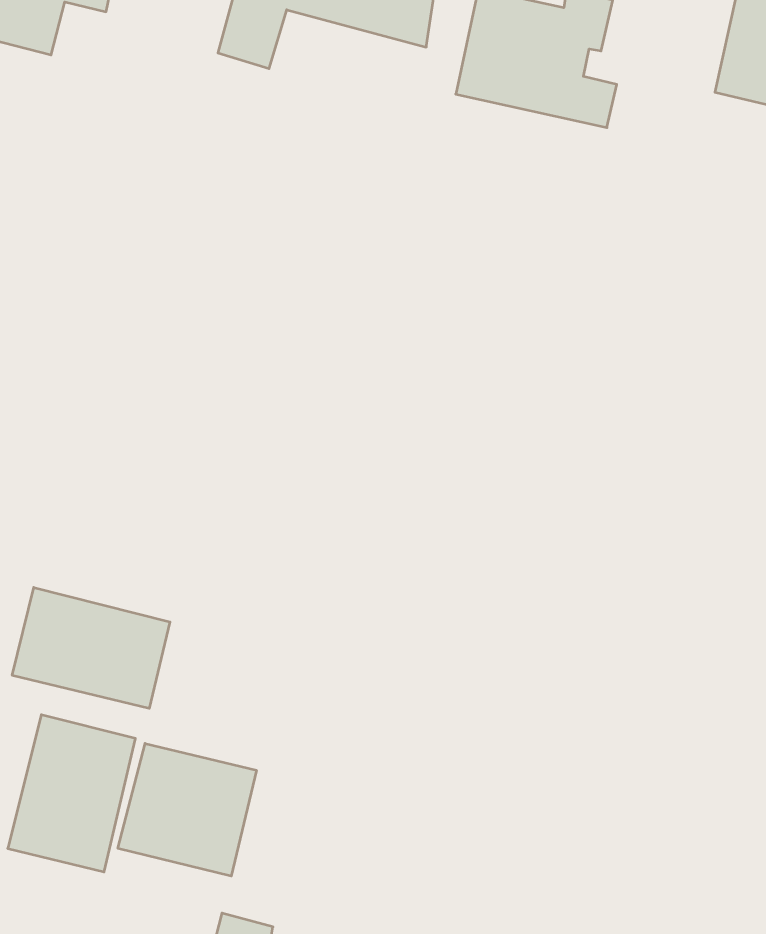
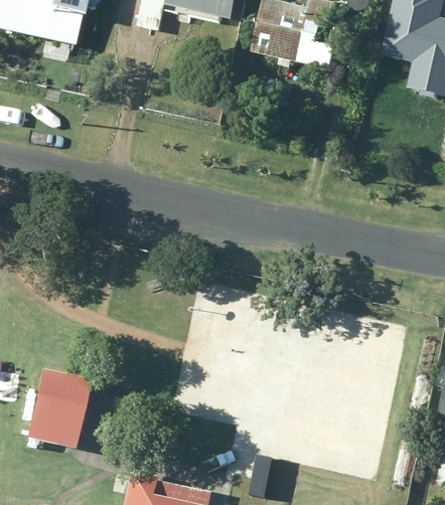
building: [12,587,170,708] -> none
building: [118,743,256,876] -> none

